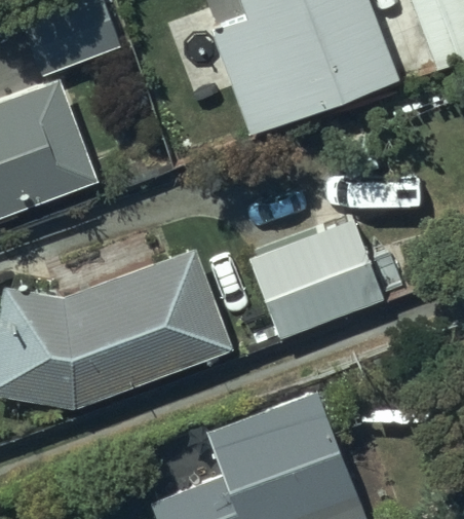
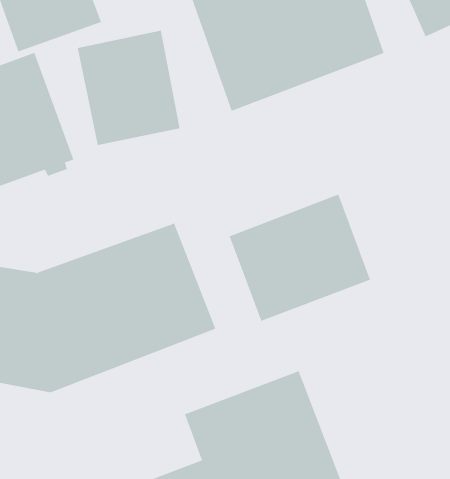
building: none -> [77,30,180,146]

